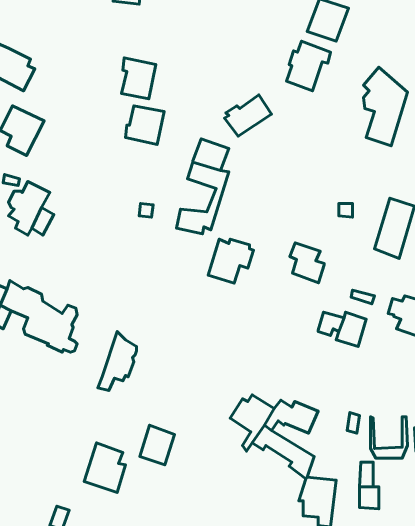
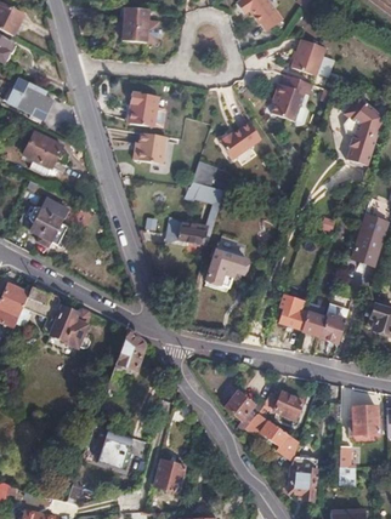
building: [290,243,324,283] -> [278,293,308,329]
building: none -> [352,405,378,433]
building: [140,425,174,465] -> [154,457,185,492]

